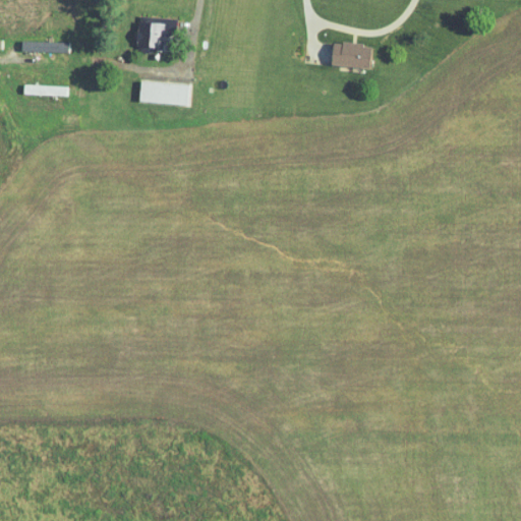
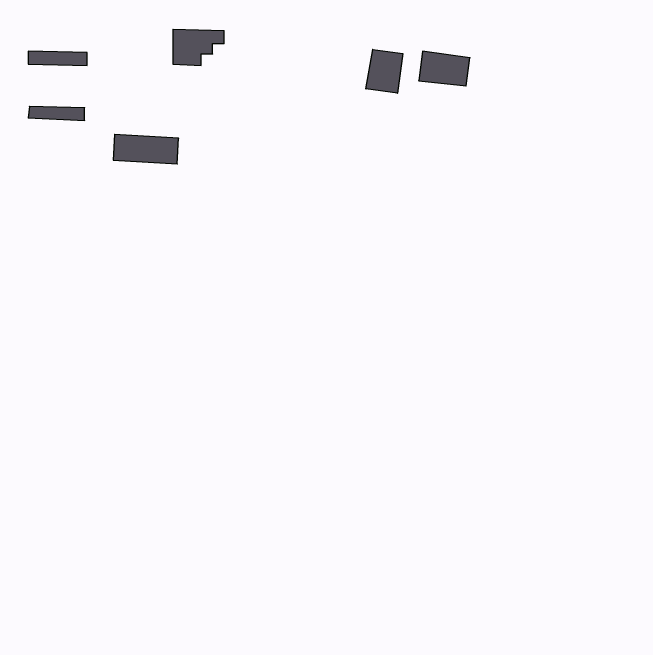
building: none -> [366,49,403,93]
building: [138,81,190,105] -> [113,134,179,164]

